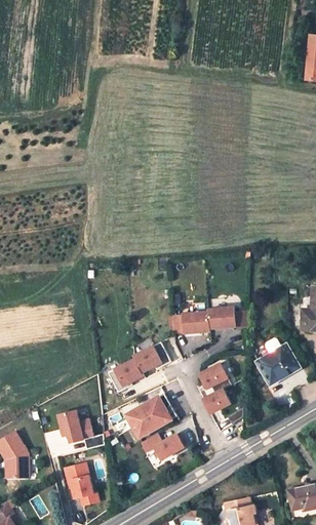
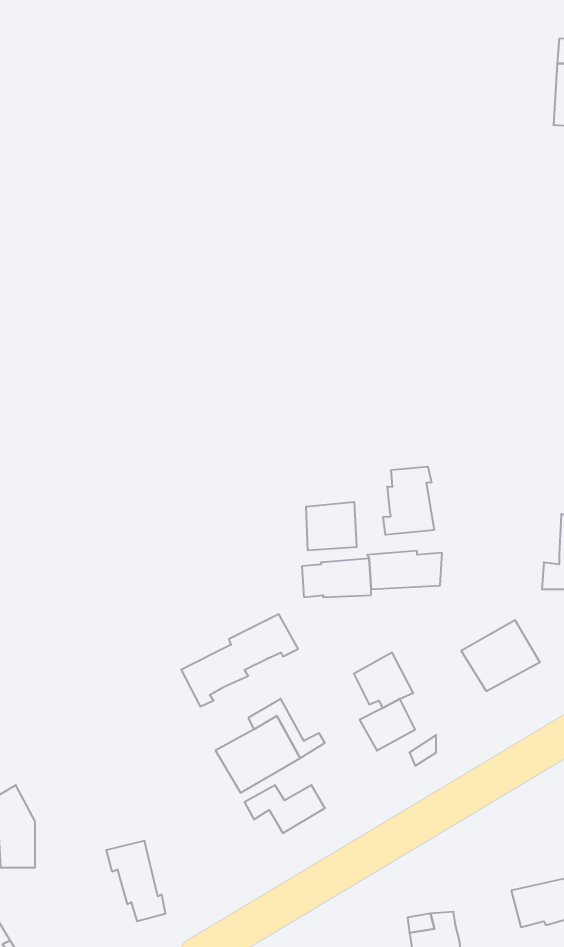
building: none -> [383,467,434,535]
building: none -> [306,502,356,550]
building: [58,412,104,451] -> none

